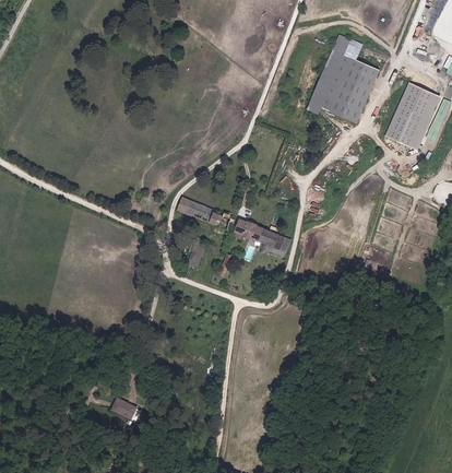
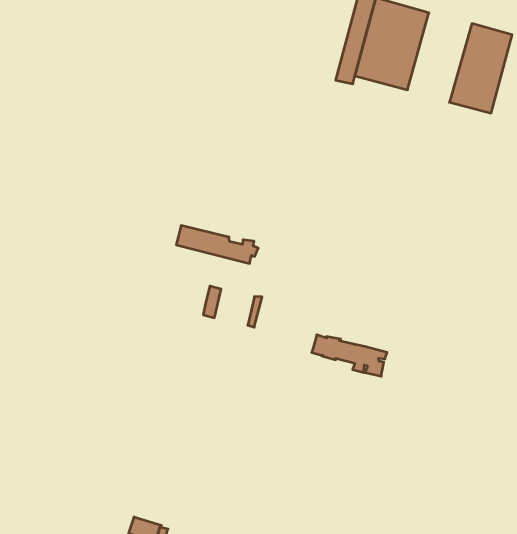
building: [236,220,289,256] -> [312,335,387,376]

